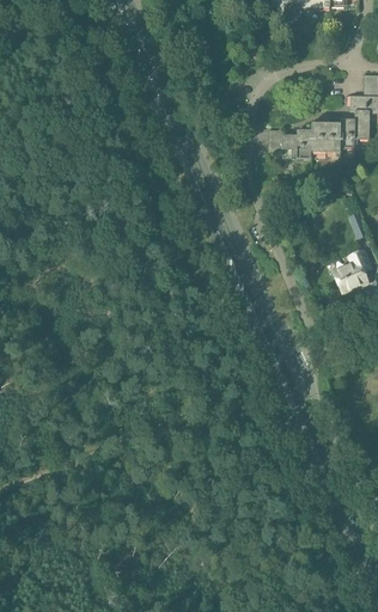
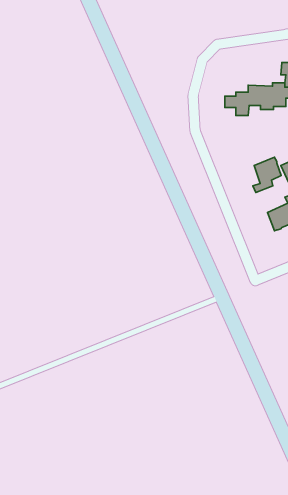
building: none -> [253,157,281,193]

